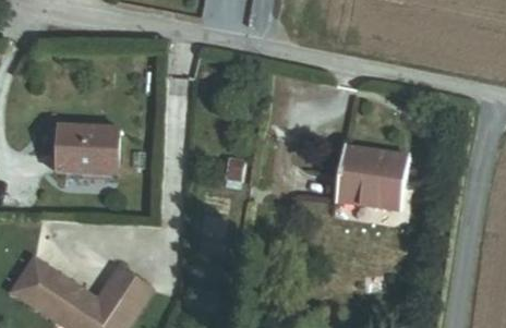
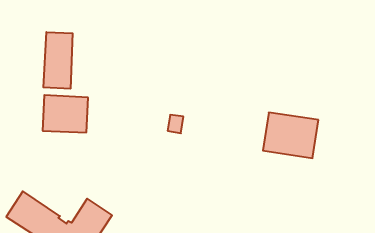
building: none -> [43,32,73,89]

